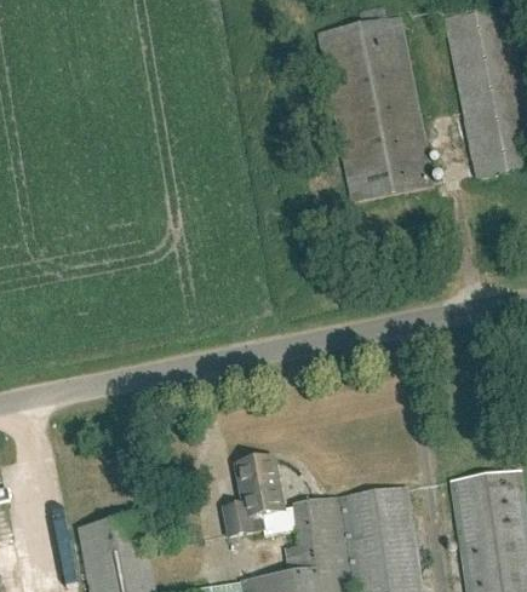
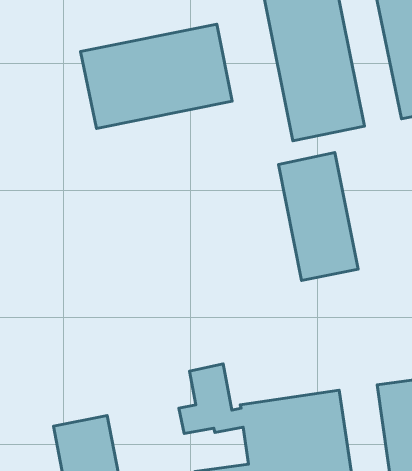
building: none -> [80,24,232,128]
building: none -> [278,153,358,280]

